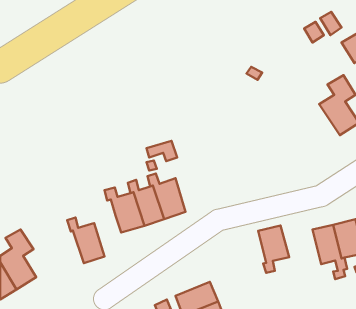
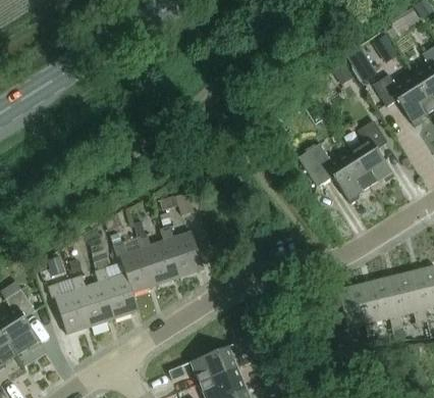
building: none -> [299,144,371,200]
building: none -> [96,268,139,318]
building: none -> [49,284,92,334]
building: [258,226,289,273] -> none

